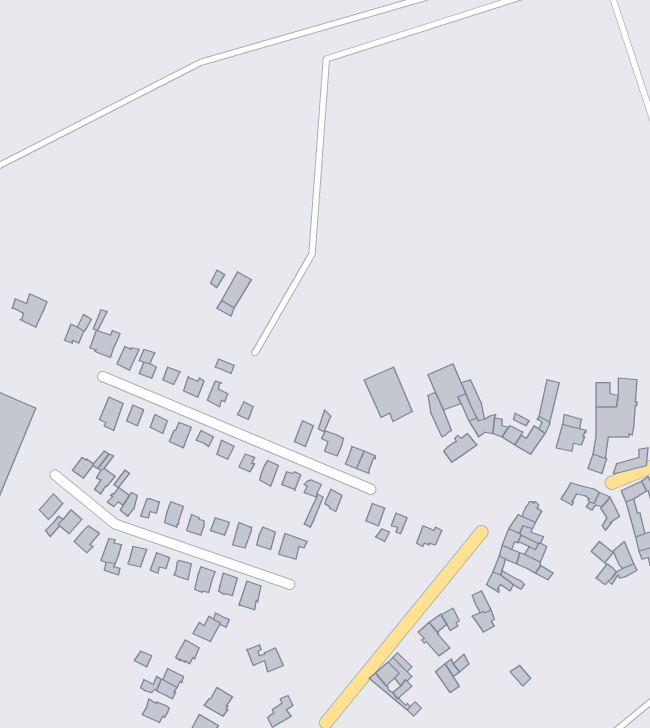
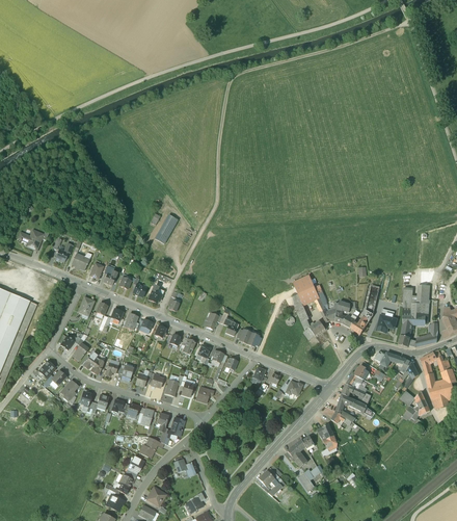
building: [364,367,412,422] -> none

